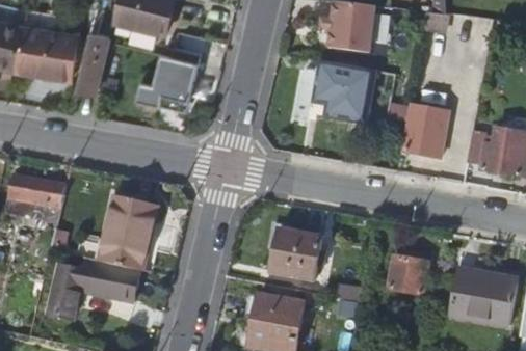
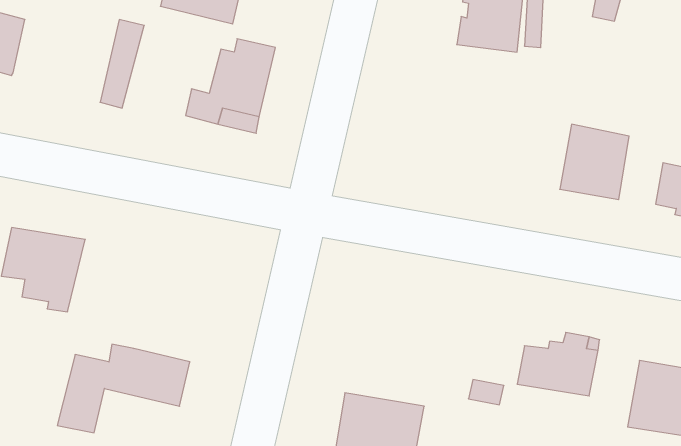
building: [15,28,81,77] -> none
building: [313,57,374,119] -> none
building: [100,196,159,274] -> none
building: [271,228,320,279] -> none

